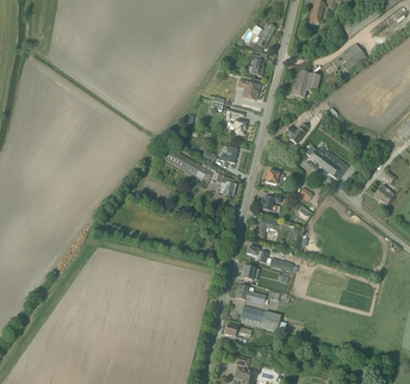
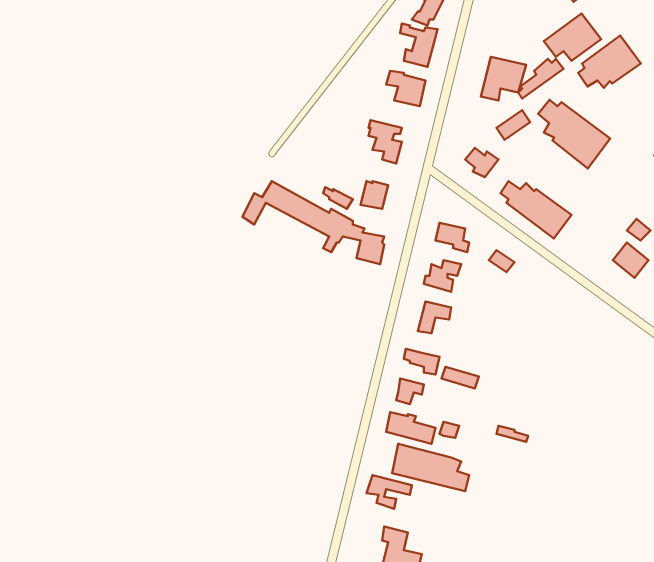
building: none -> [578,35,641,88]
building: none -> [538,100,610,168]

